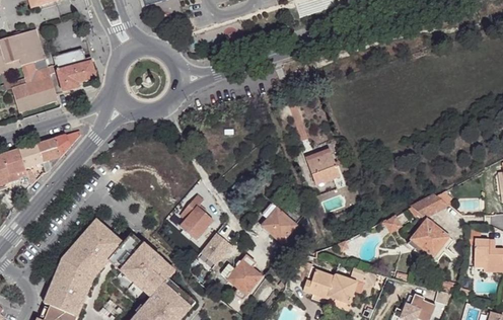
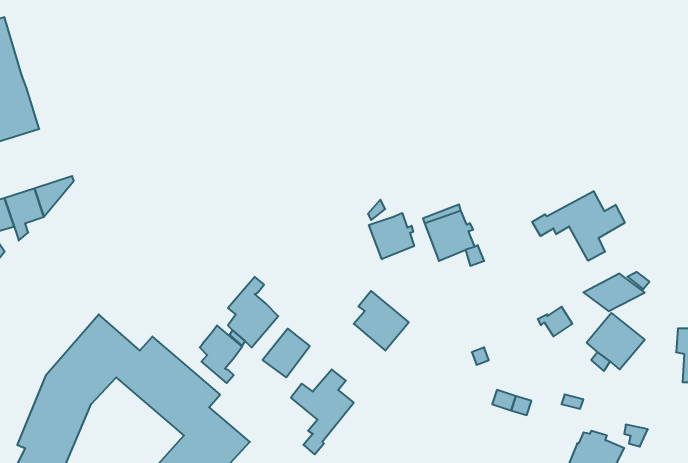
building: [54,49,97,91] -> none
building: none -> [532,191,625,261]
building: none -> [369,213,414,259]
building: none -> [200,325,242,383]
building: [290,265,357,304] -> none

